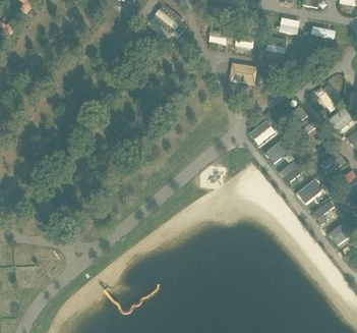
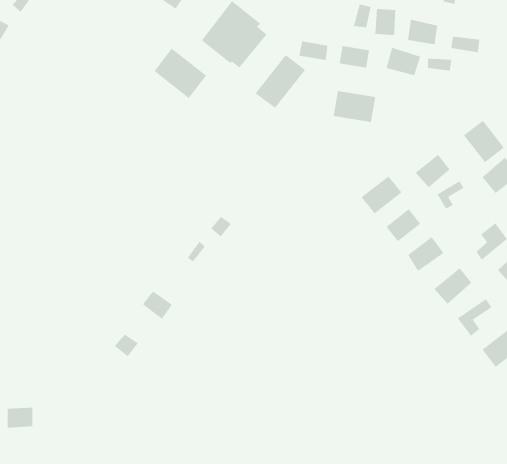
building: none -> [154,47,207,99]
building: none -> [254,54,306,109]

